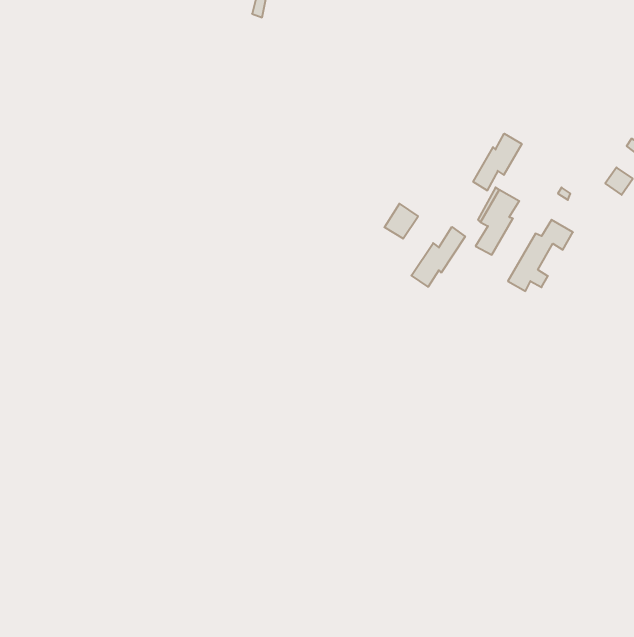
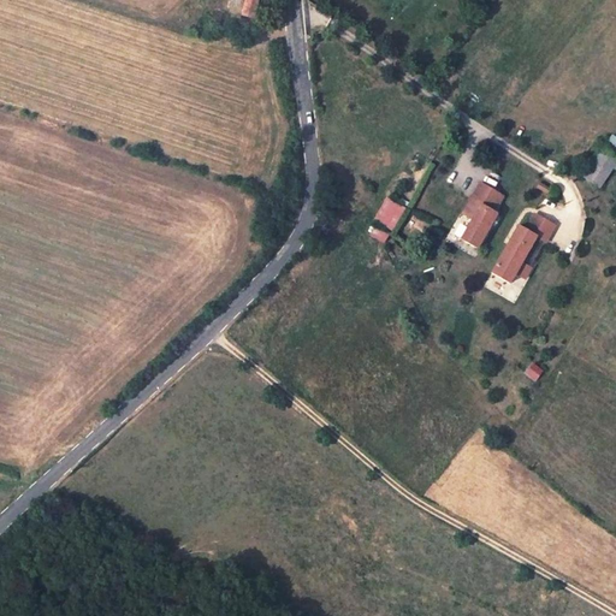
building: [473,134,522,191] -> none
building: [411,227,465,287] -> none

